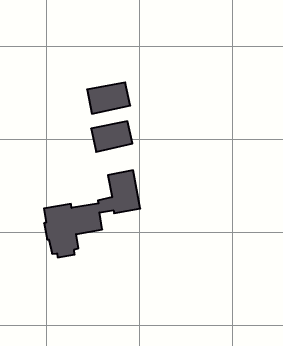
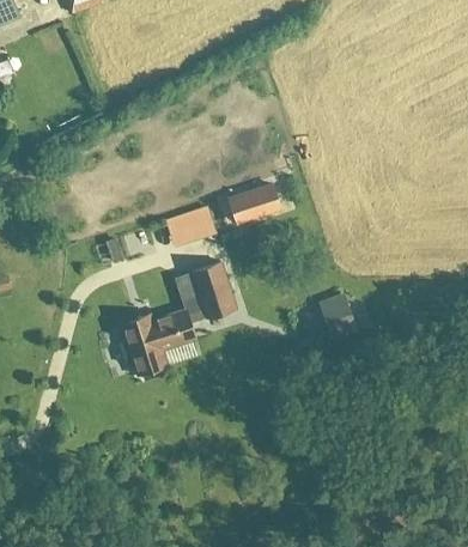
building: [87,82,130,114] -> [227,182,282,225]
building: none -> [324,293,355,334]

